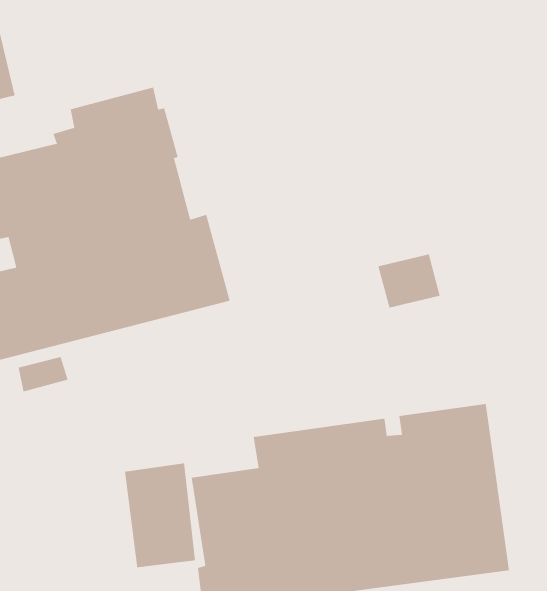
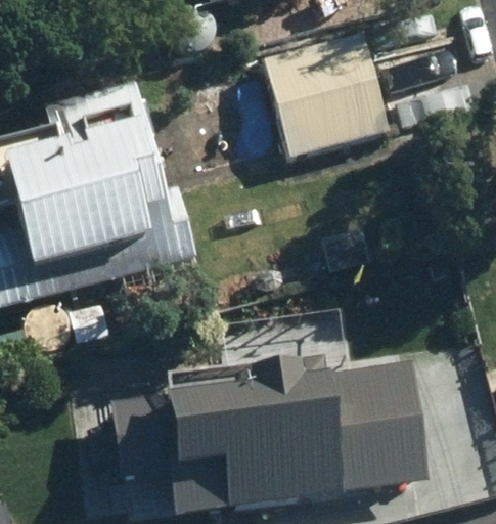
building: none -> [263,29,391,158]

